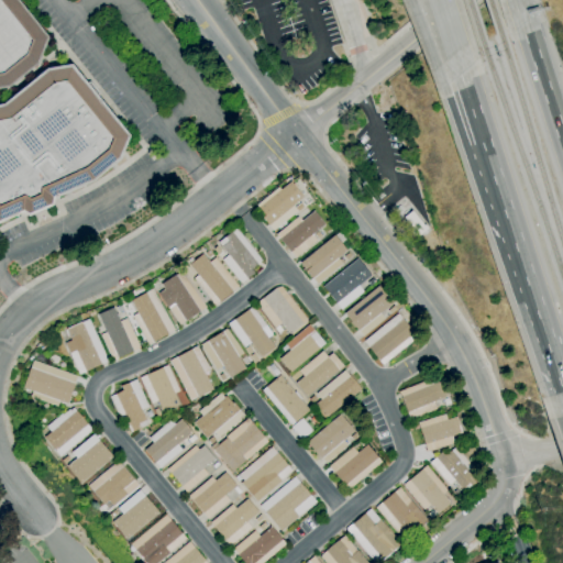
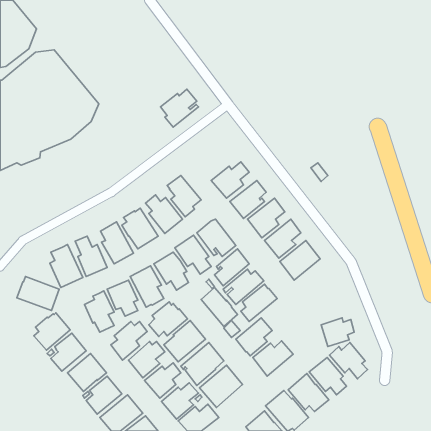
building: [257,181,307,231] -> [161,89,199,127]
building: [399,375,450,420] -> none

